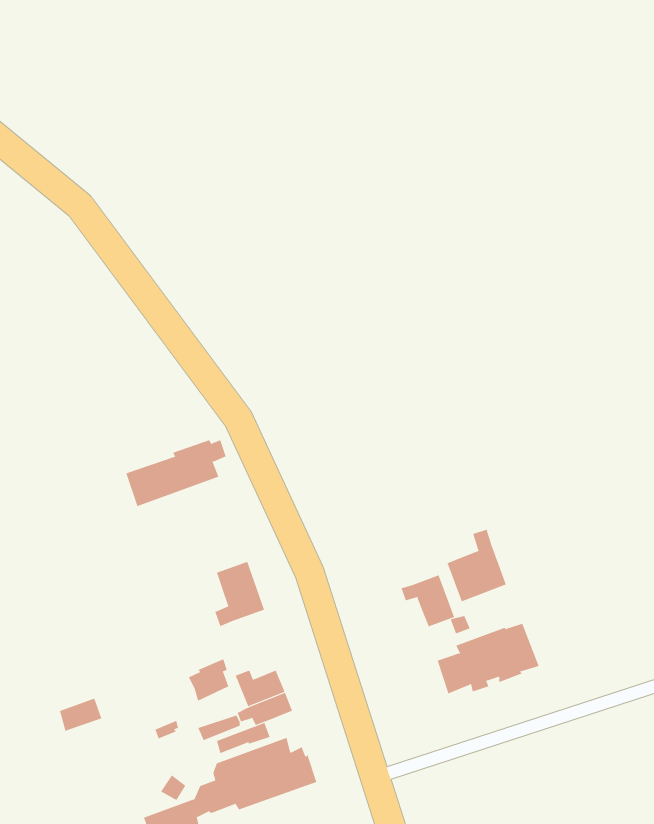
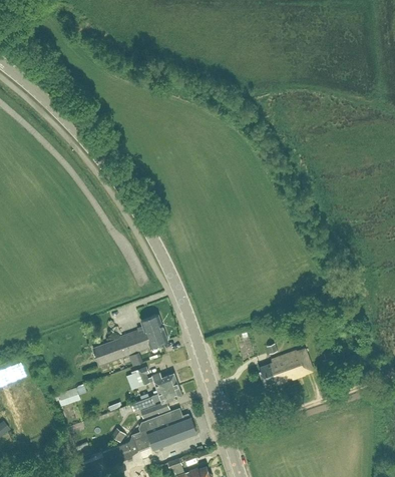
building: [126,440,227,507] -> [93,330,147,366]
building: [447,529,507,602] -> none
building: [401,574,455,627] -> none

